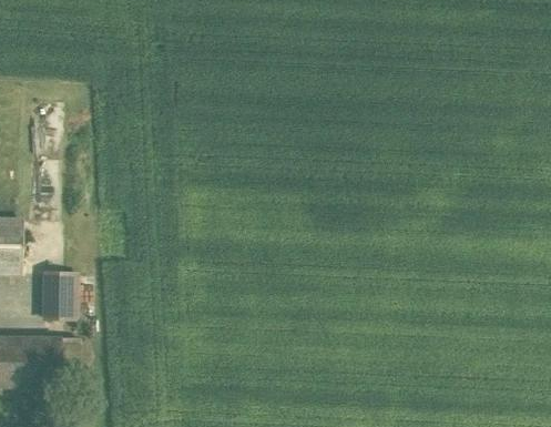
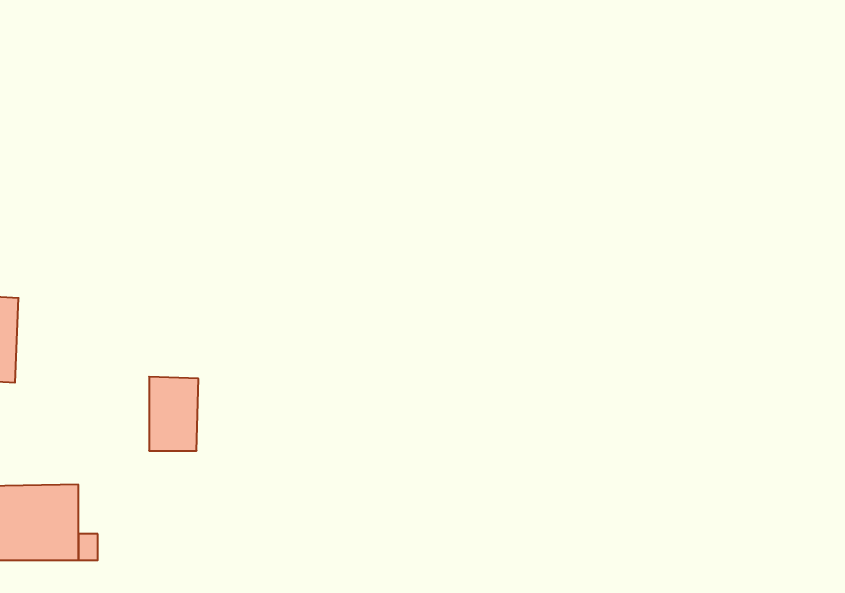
building: [42,270,73,316] -> [149,377,198,451]

